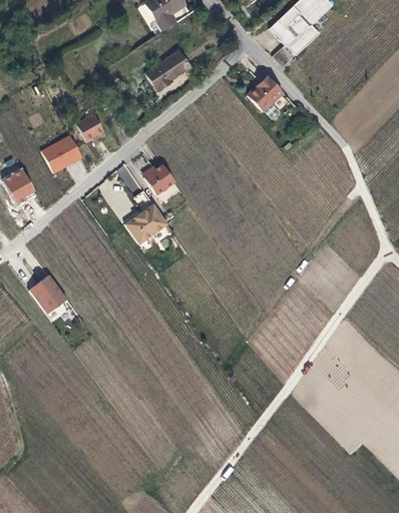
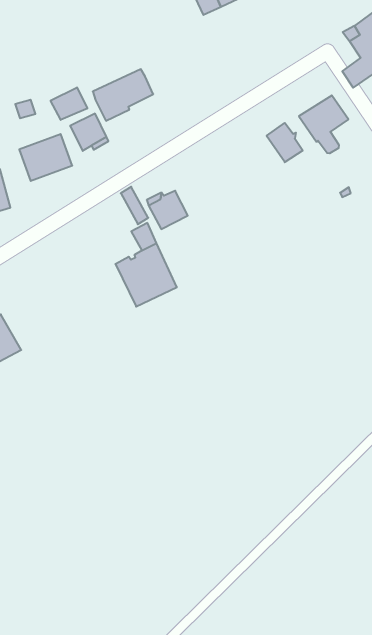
building: [144,50,189,92] -> [93,69,153,121]
building: none -> [51,87,87,120]
building: none -> [267,123,303,162]

